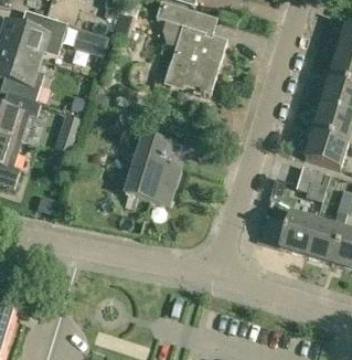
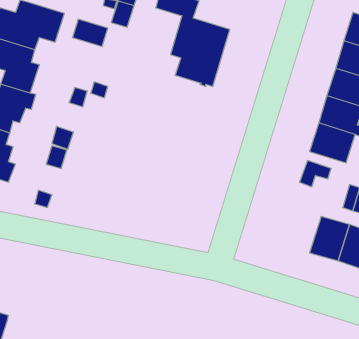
building: [122,133,181,207] -> none
building: [276,211,314,255] -> none

